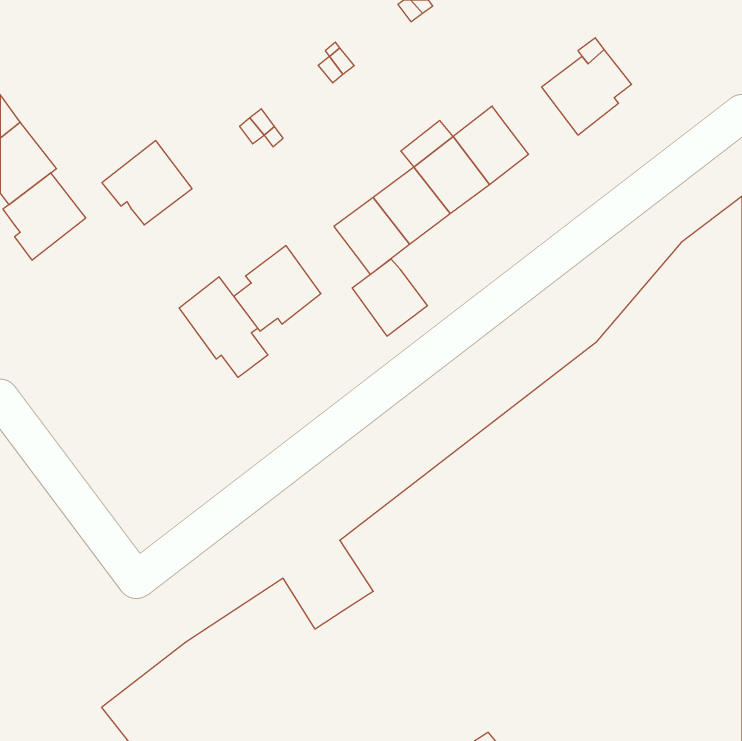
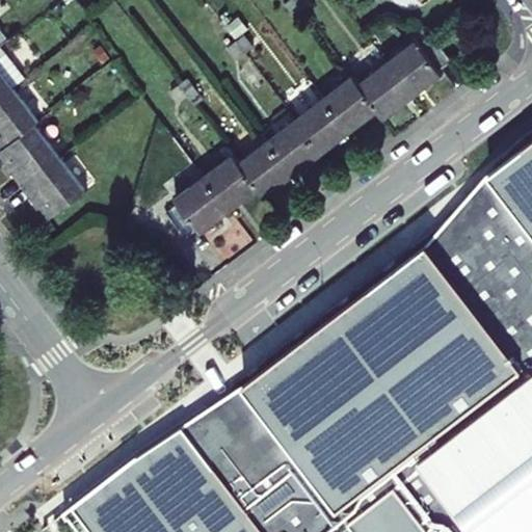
building: none -> [358,63,414,119]
building: [102,141,192,225] -> [23,157,87,217]
building: [352,259,428,336] -> [205,156,259,211]
building: [179,277,268,377] -> none
building: none -> [203,388,267,451]

